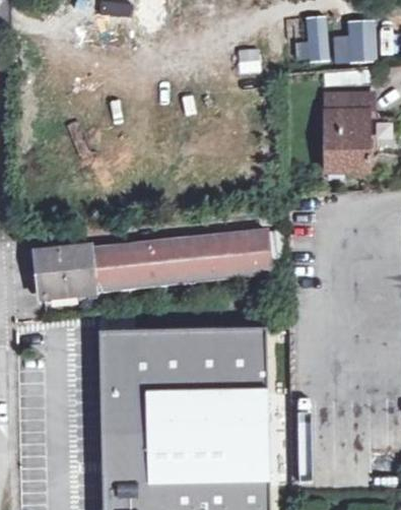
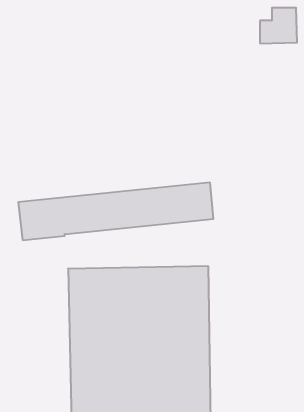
building: [302,14,327,61] -> none
building: [325,94,372,172] -> none

